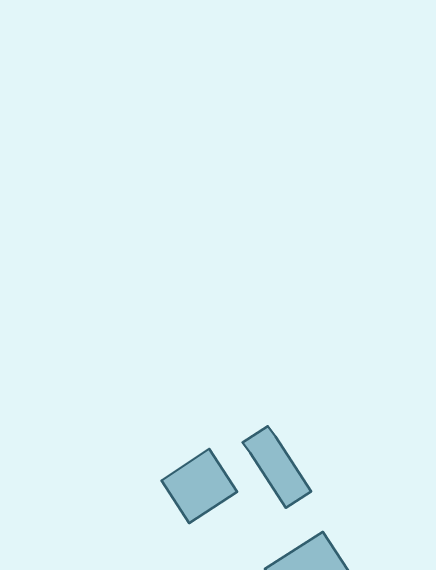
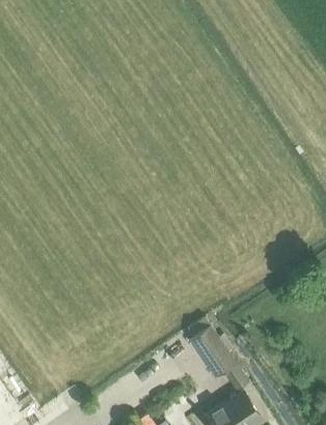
building: [161,449,237,523] -> none

